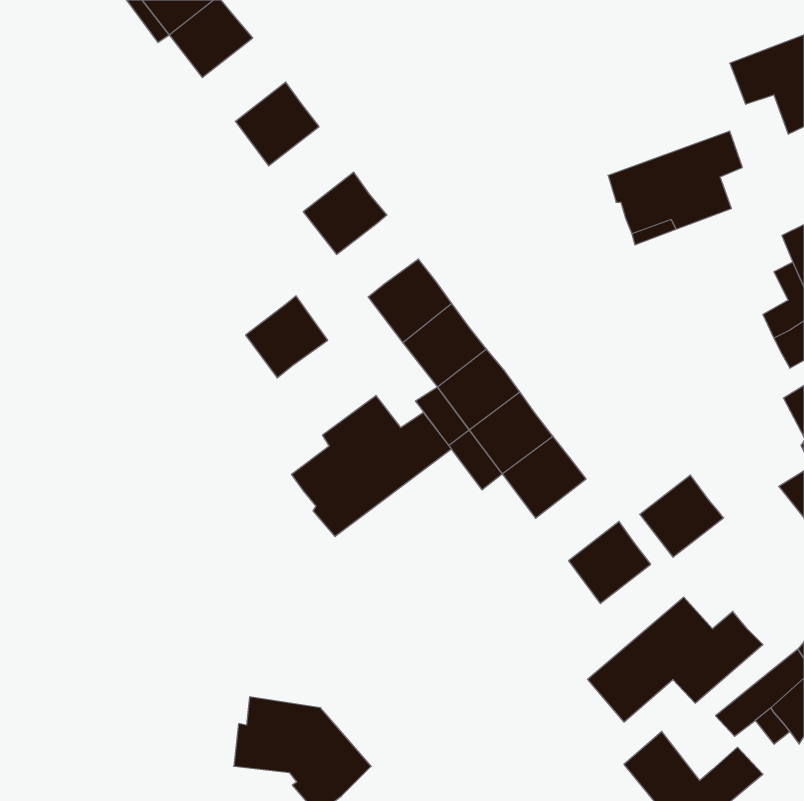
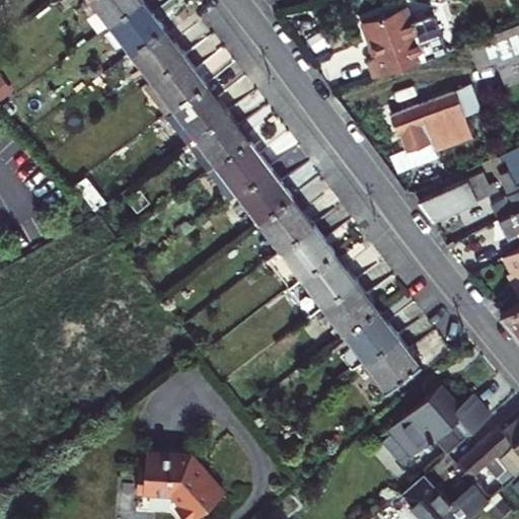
building: none -> [361,9,444,79]
building: none -> [130,28,183,82]
building: none -> [172,85,227,140]
building: none -> [419,173,497,222]
building: [246,296,328,378] -> [216,142,269,195]
building: [292,395,451,537] -> none
building: [640,475,724,557] -> [344,311,397,364]

